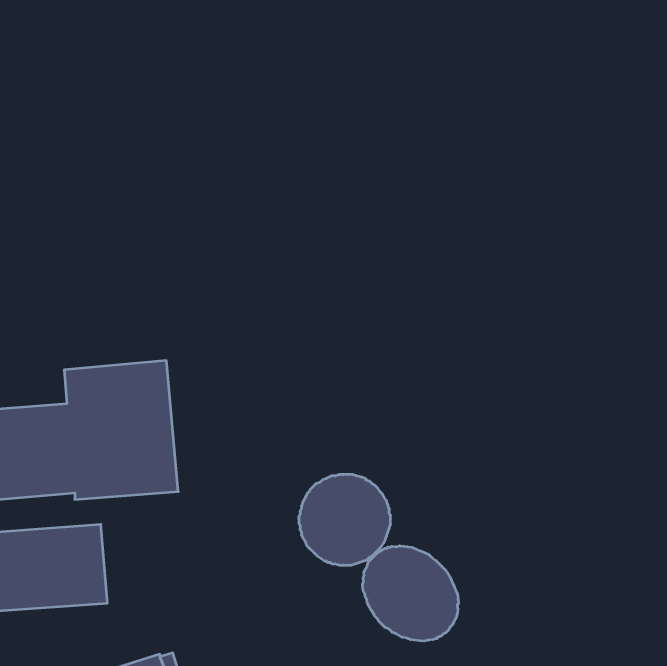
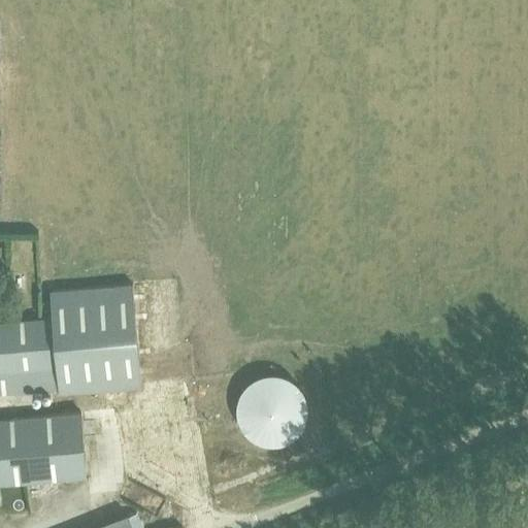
building: [362,546,459,641] -> none

